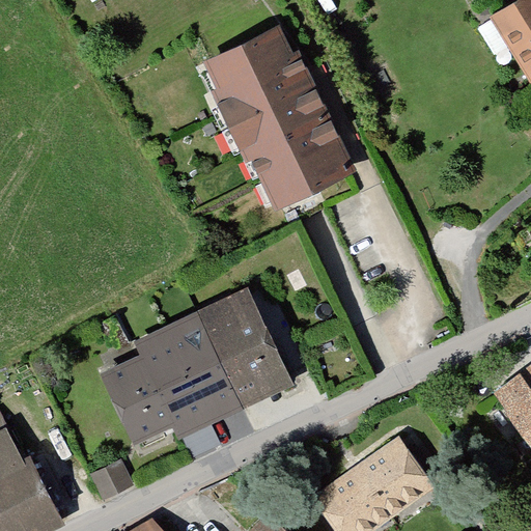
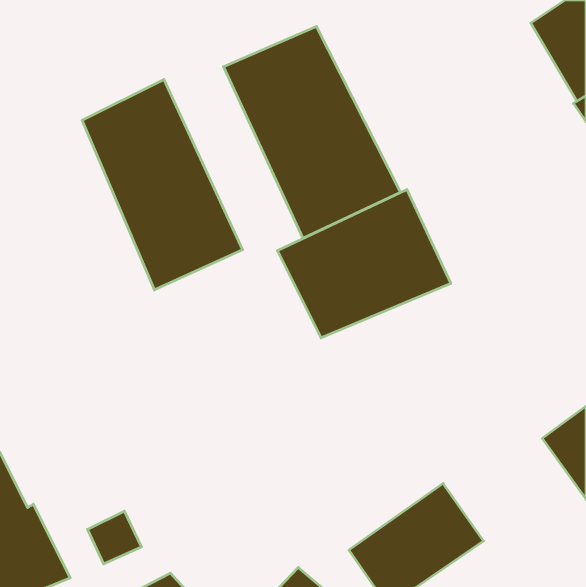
building: none -> [82,79,243,290]
building: none -> [277,189,451,338]
building: [100,286,294,443] -> none

